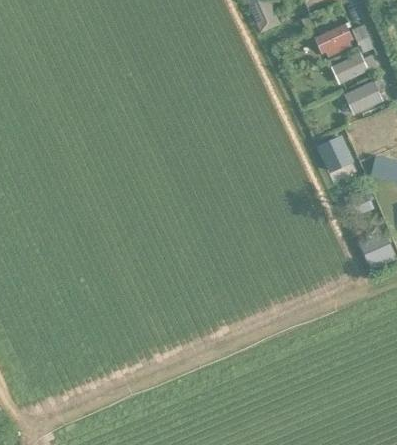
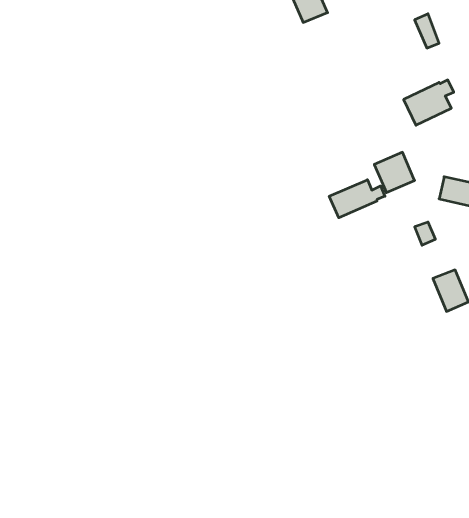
building: [313,22,353,56] -> none
building: [334,55,378,82] -> none
building: none -> [329,180,385,218]

